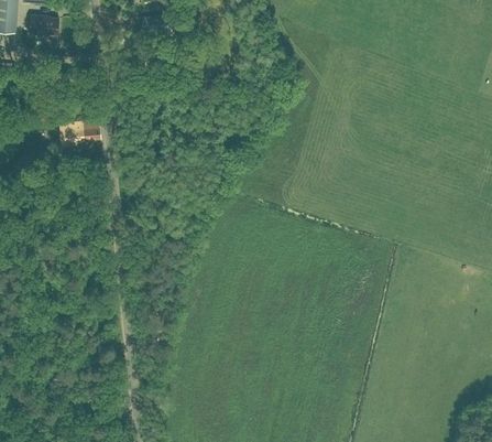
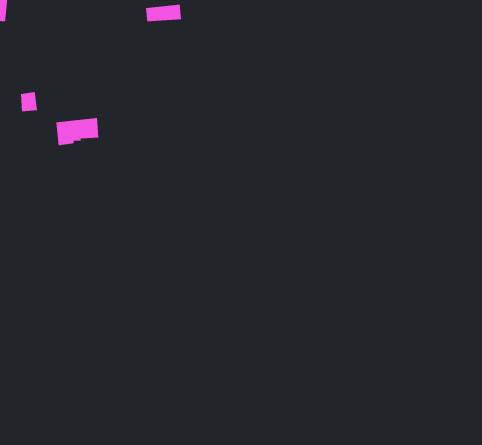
building: [29,17,58,36] -> none

